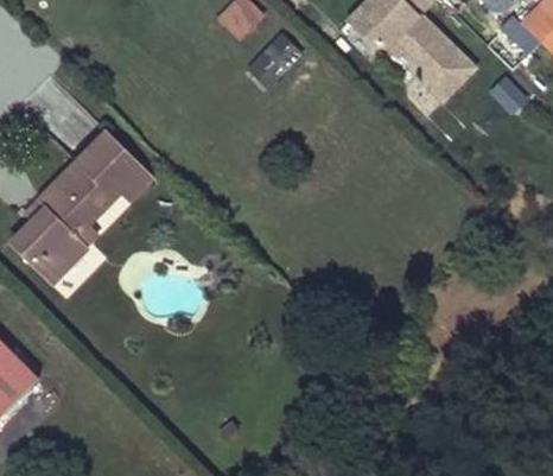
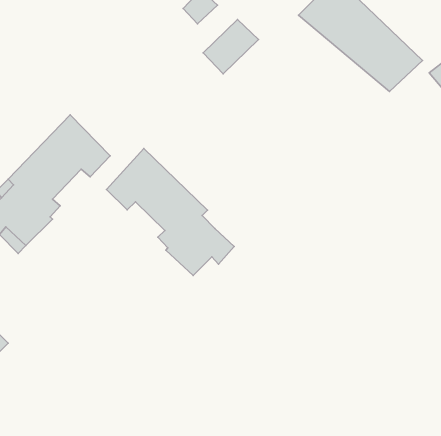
building: none -> [107,149,234,276]

